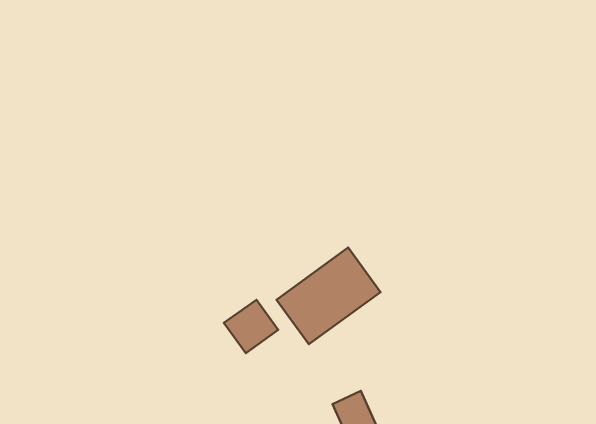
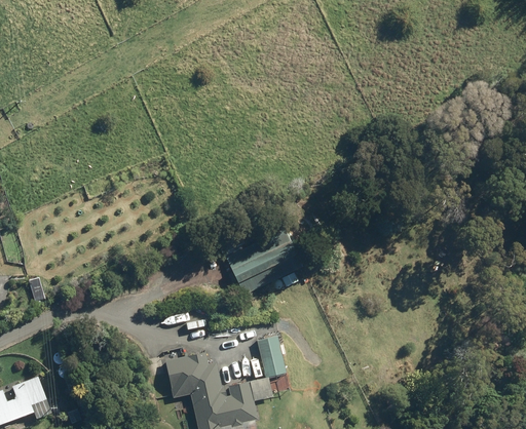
building: [224,300,278,353] -> none

